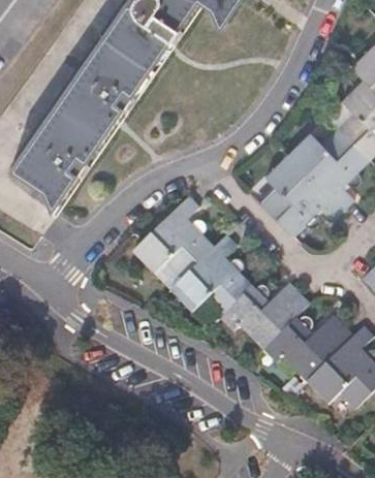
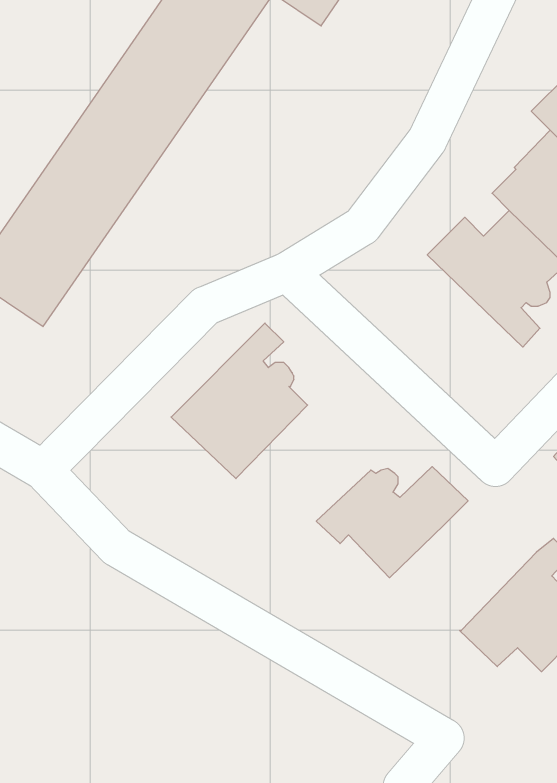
building: [261,156,345,238] -> none
building: [170,235,253,317] -> none
building: [264,317,353,383] -> none

